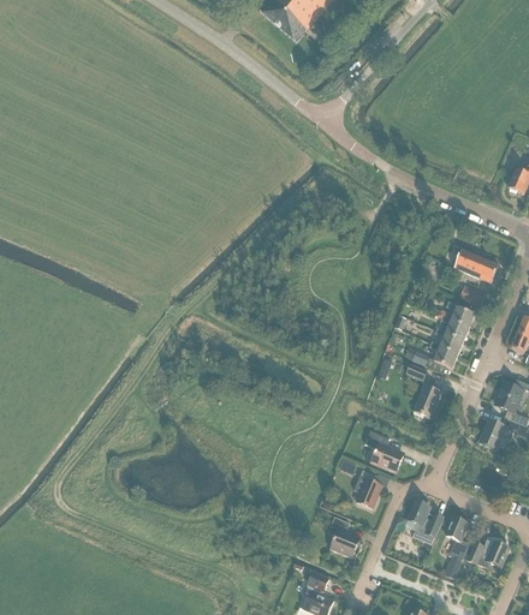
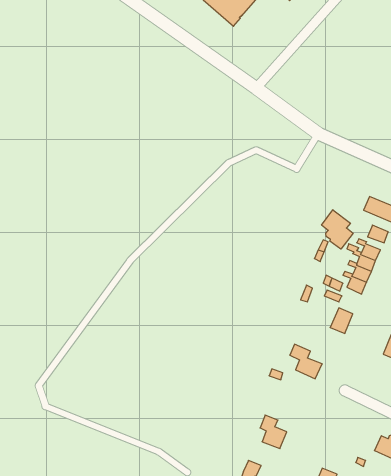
building: none -> [322,210,353,249]
building: [357,468,382,507] -> none
building: [408,498,444,536] -> none
building: [446,515,470,567] -> none

